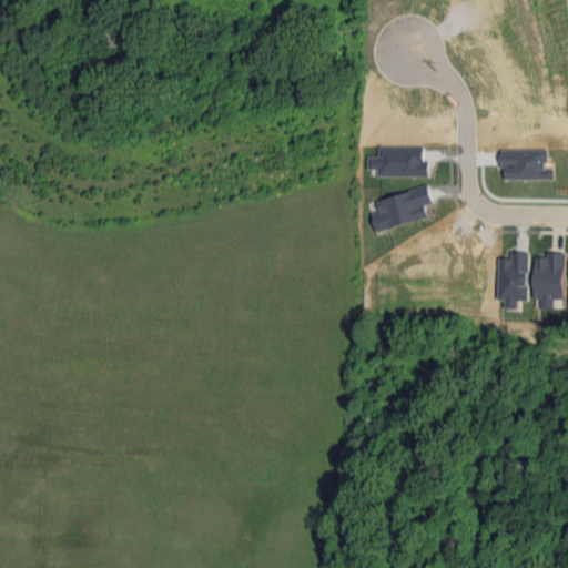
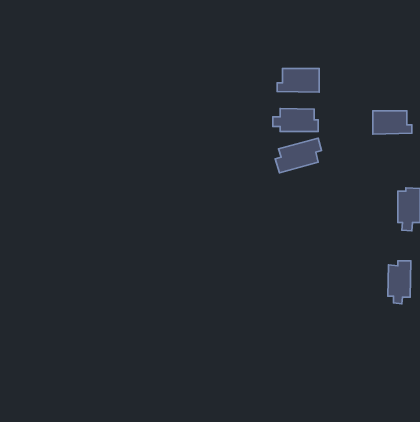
building: none -> [277,69,319,92]
building: [497,253,528,311] -> [388,261,411,304]

